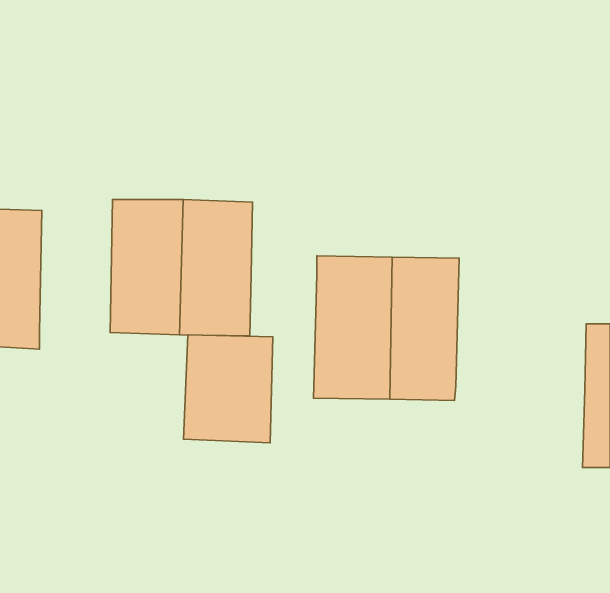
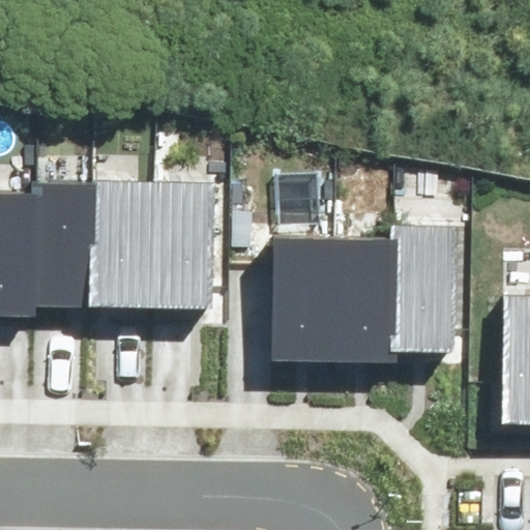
building: none -> [34,186,97,303]
building: none -> [394,231,457,351]
building: [184,335,273,443] -> none

